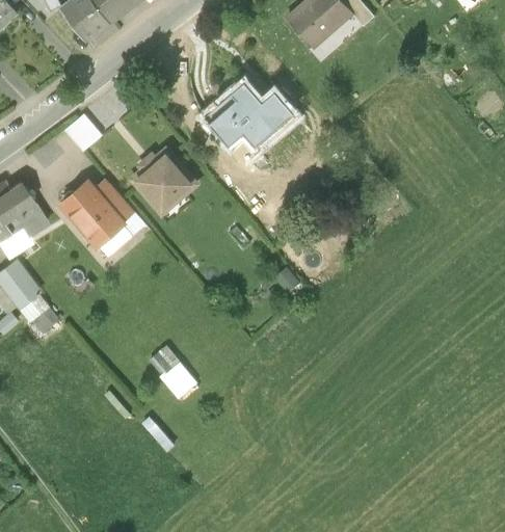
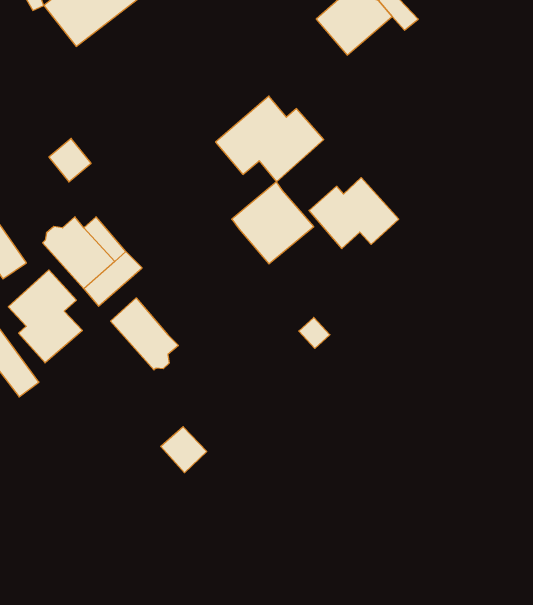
building: [131,148,200,216] -> [232,182,314,264]
building: none -> [309,178,399,249]
building: none -> [8,270,82,363]
building: none -> [111,298,178,370]

